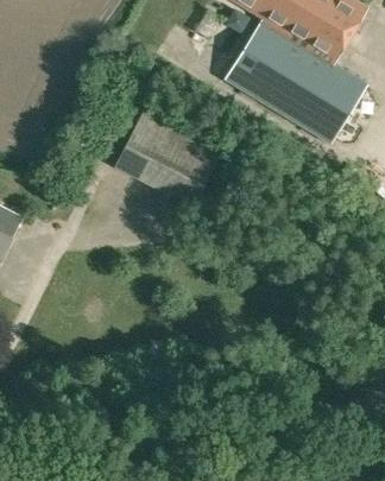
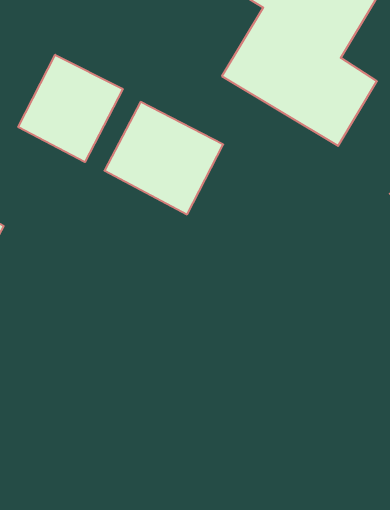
building: none -> [18,55,123,162]

